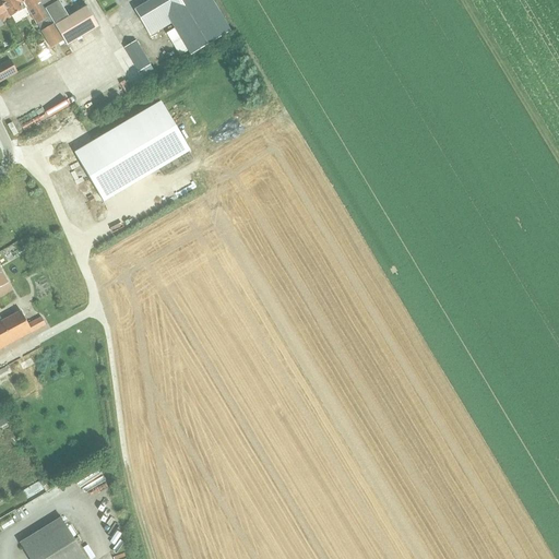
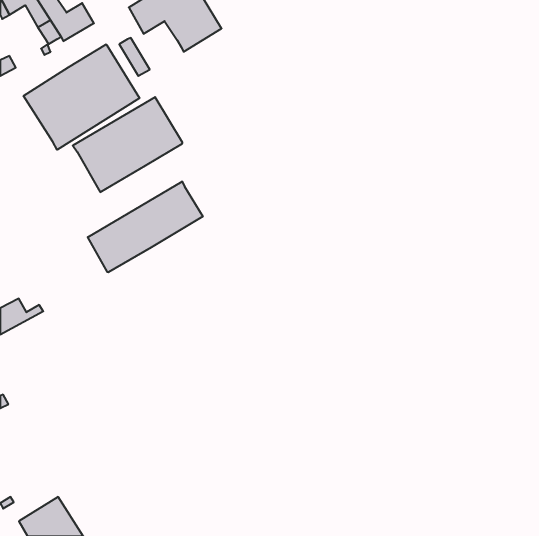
building: none -> [24,44,139,150]
building: none -> [88,181,203,272]

